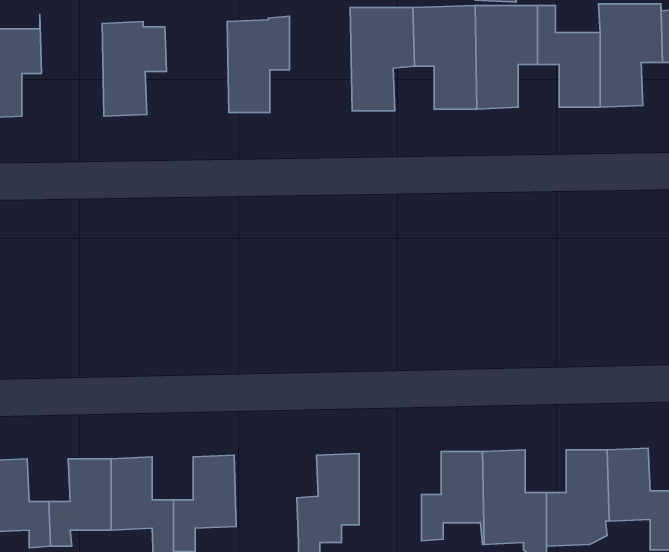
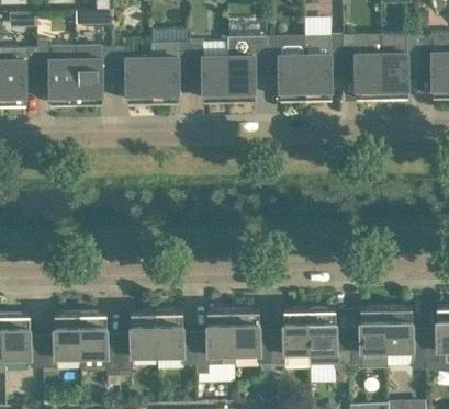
building: none -> [190,36,229,100]
building: none -> [37,41,77,103]
building: none -> [114,45,154,102]
building: none -> [234,310,272,364]
building: none -> [157,311,197,365]

